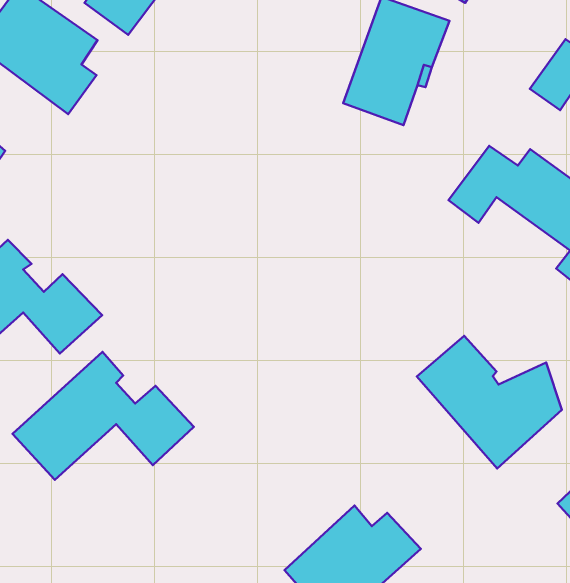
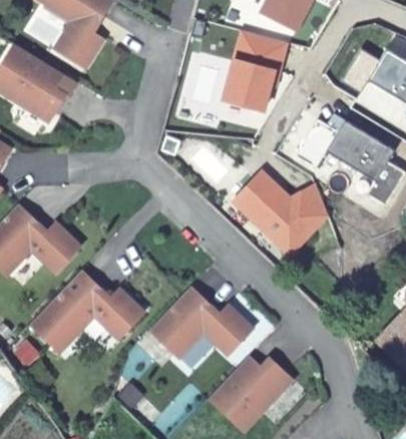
building: [417,336,562,468] -> [234,172,327,255]
building: none -> [148,285,254,357]

